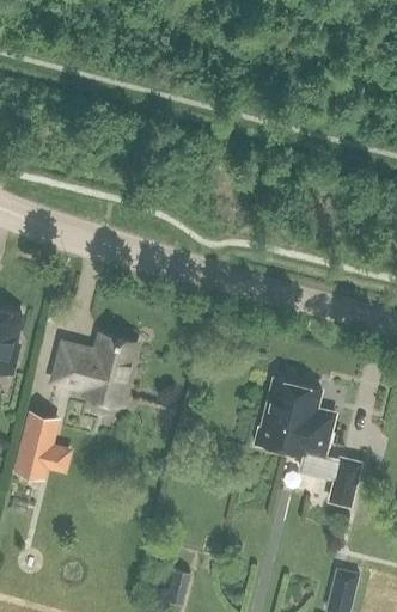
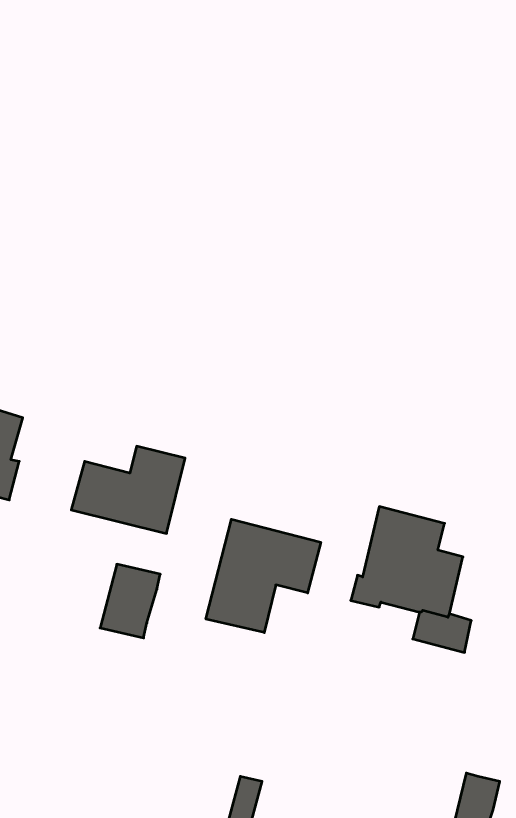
building: none -> [206,519,321,633]
building: [14,427,57,479] -> [100,564,160,638]
building: [329,459,359,506] -> none

